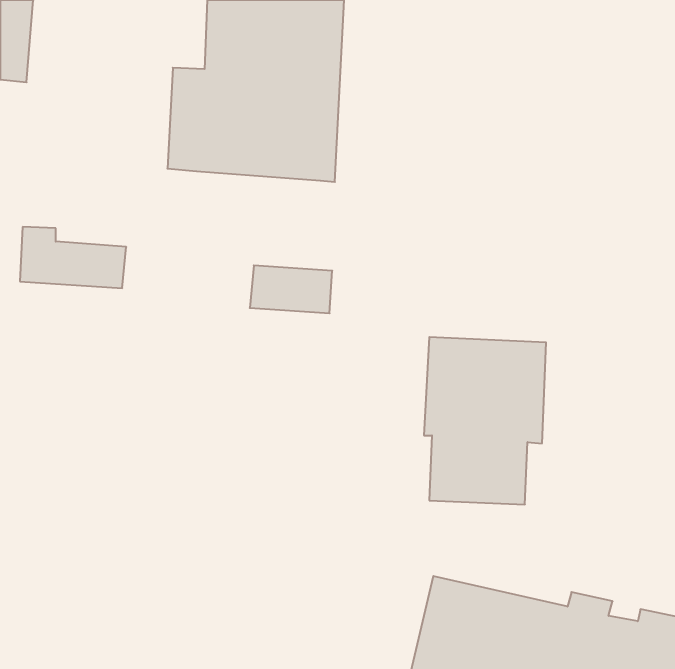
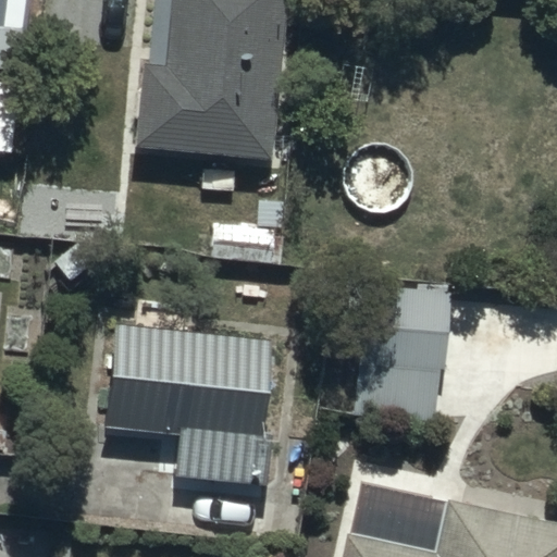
building: none -> [111,327,275,481]

